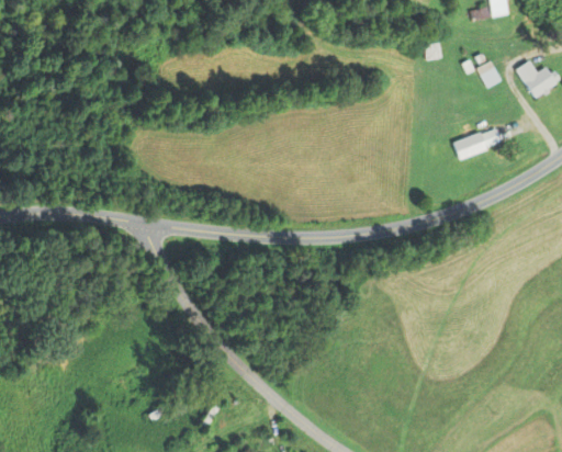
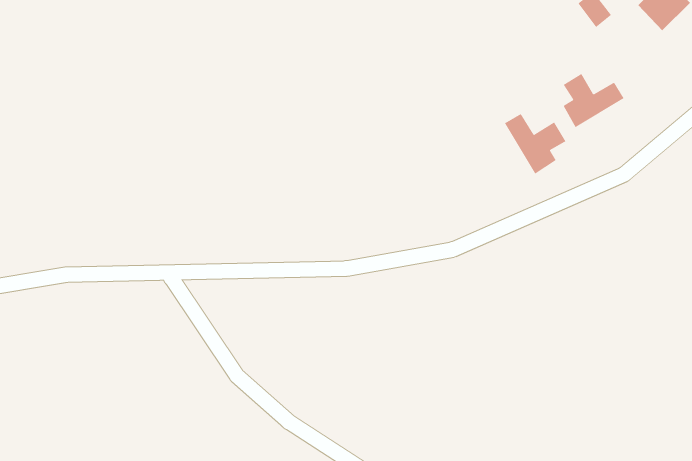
building: none -> [504,113,566,174]

